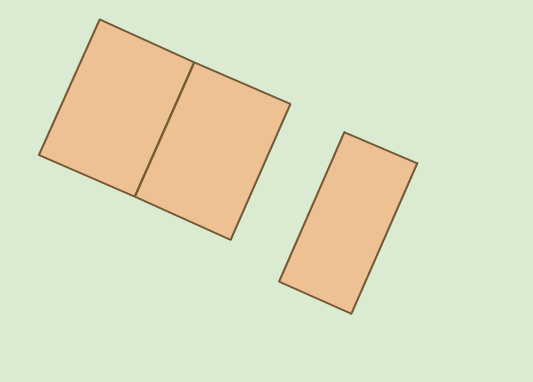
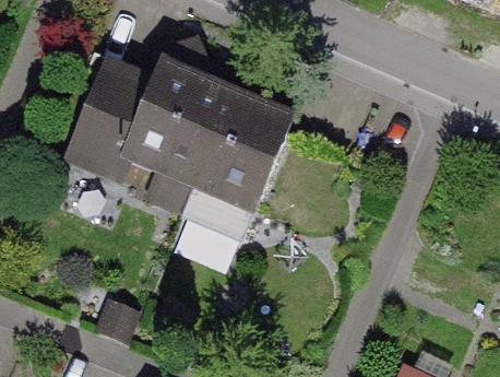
building: [279,132,417,314] -> none

